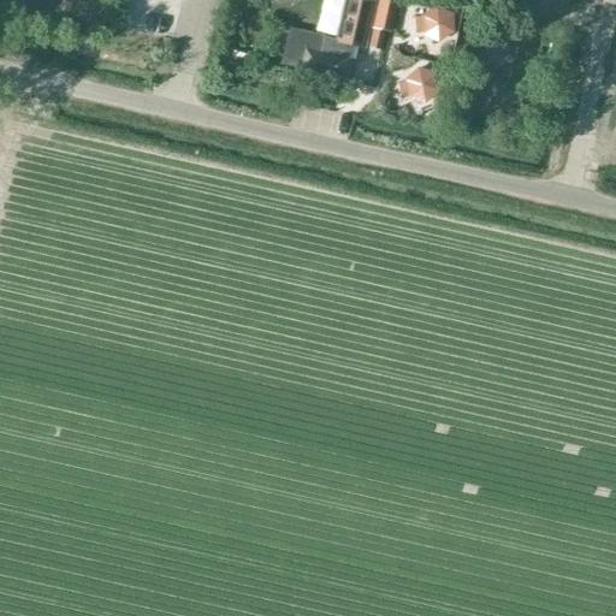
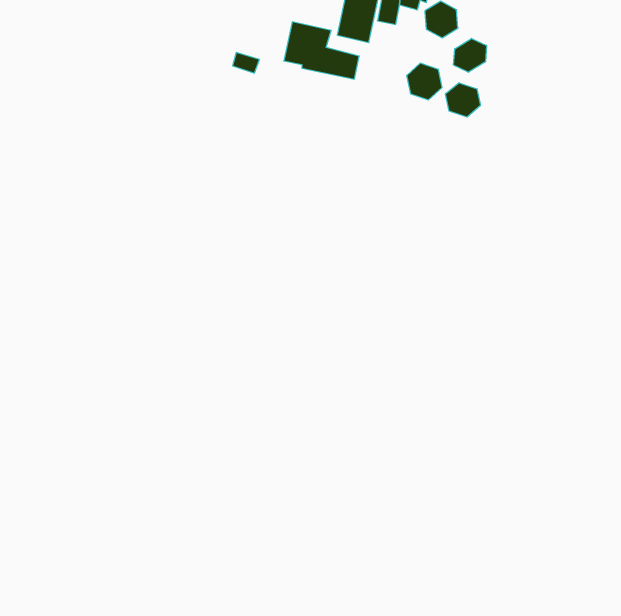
building: none -> [454,38,487,72]
building: none -> [445,83,480,117]

